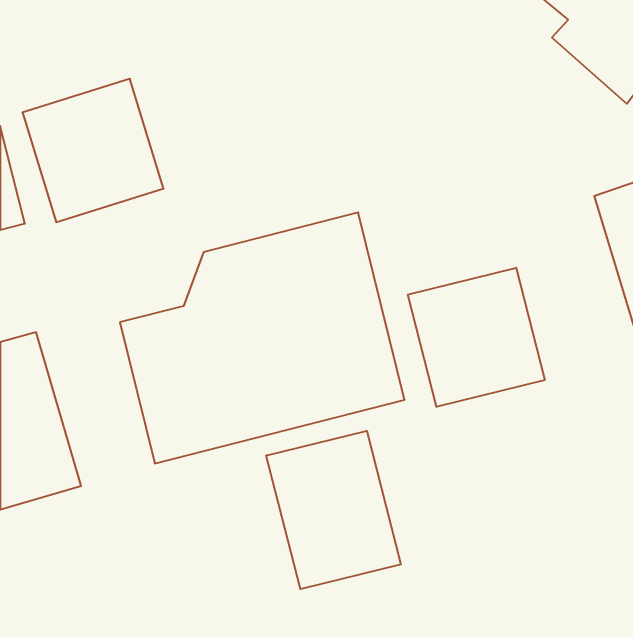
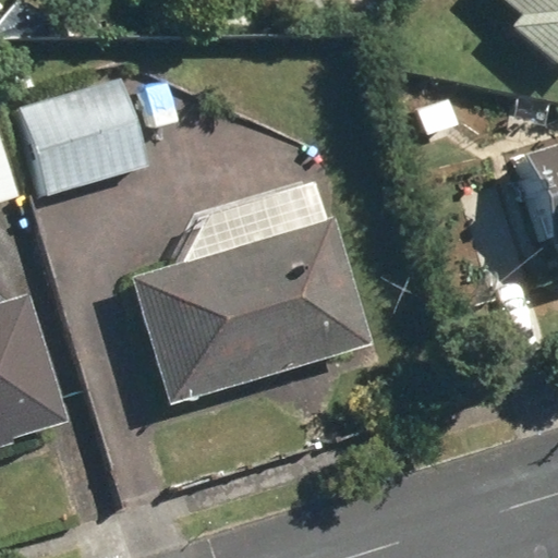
building: [408,268,545,407] -> none
building: [266,431,401,589] -> none

